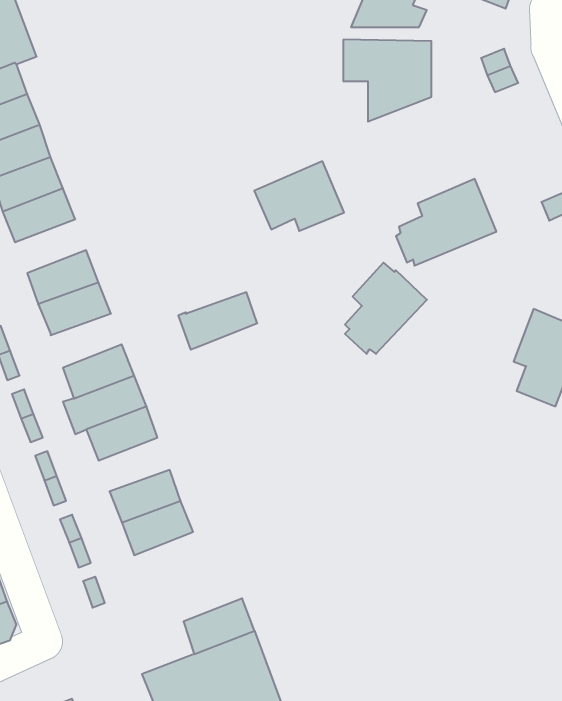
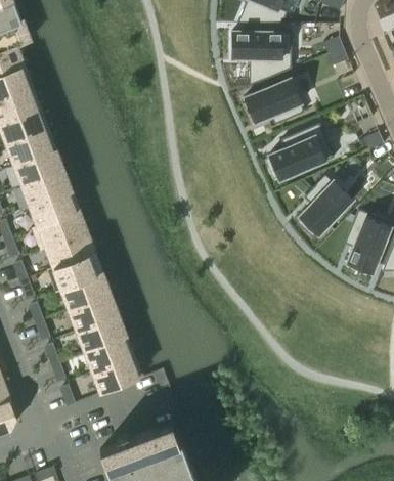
building: [254,161,344,231] -> [245,78,304,124]
building: none -> [15,149,62,185]
building: [345,263,427,354] -> [299,175,353,235]
building: [178,292,257,350] -> [34,212,86,250]
building: none -> [71,294,118,330]
building: [183,598,255,654] -> [94,356,141,393]

